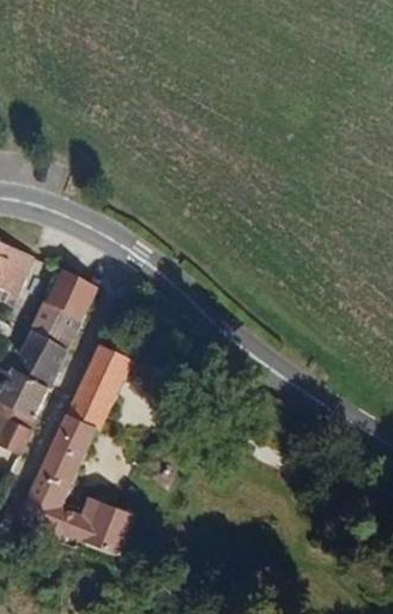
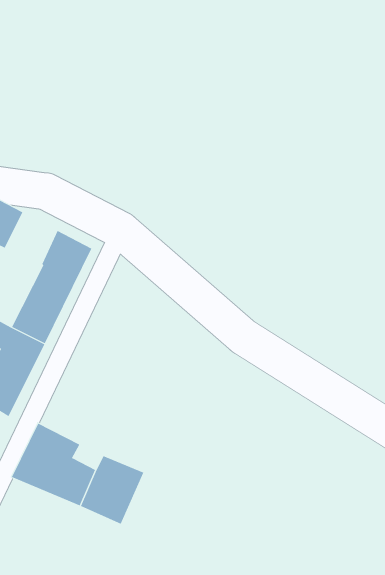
building: [41,337,145,481] -> none

